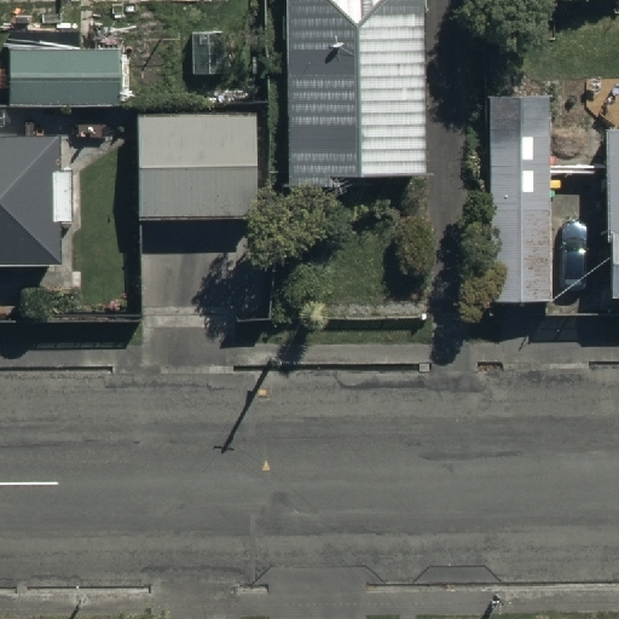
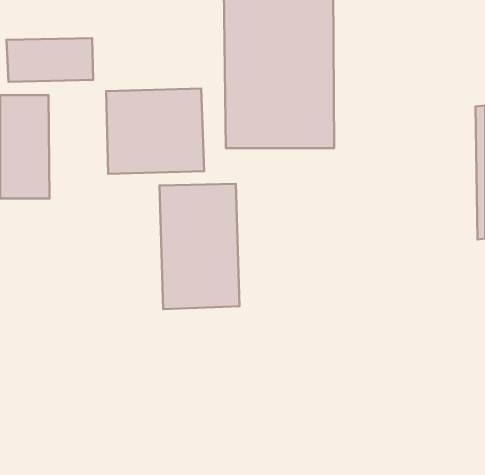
building: [486,88,551,303] -> none
building: none -> [159,184,239,309]

